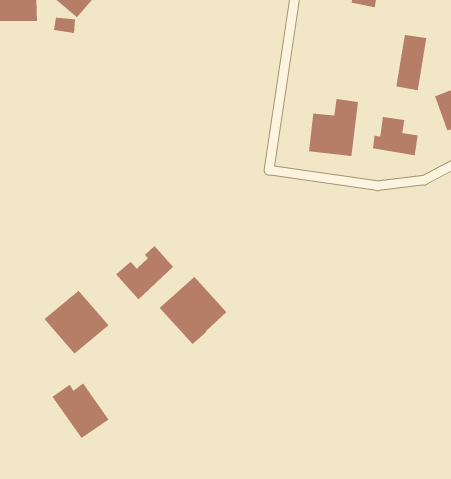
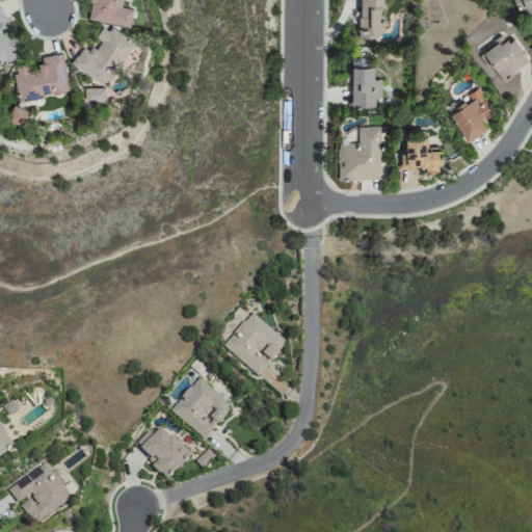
building: [396,34,427,91] -> [353,56,376,107]
building: [115,245,174,300] -> none
building: [44,290,109,355] -> [170,377,233,438]

